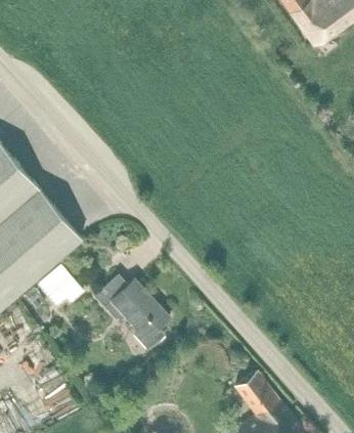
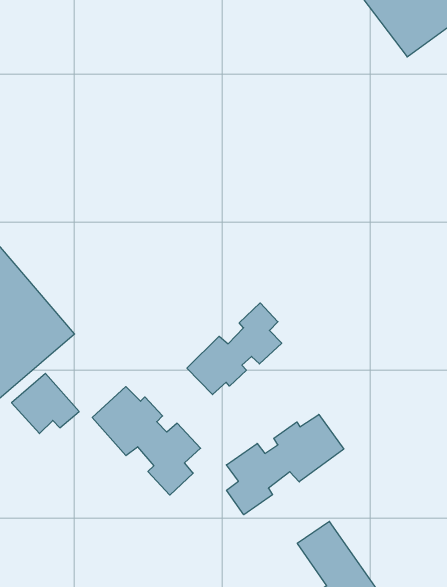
building: none -> [187,303,282,395]
building: none -> [226,414,344,515]

